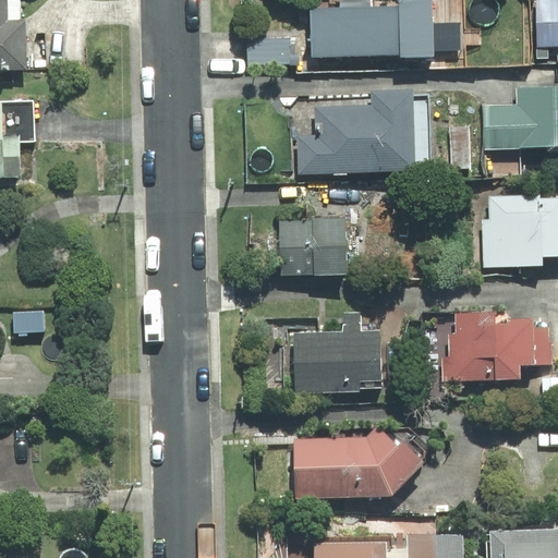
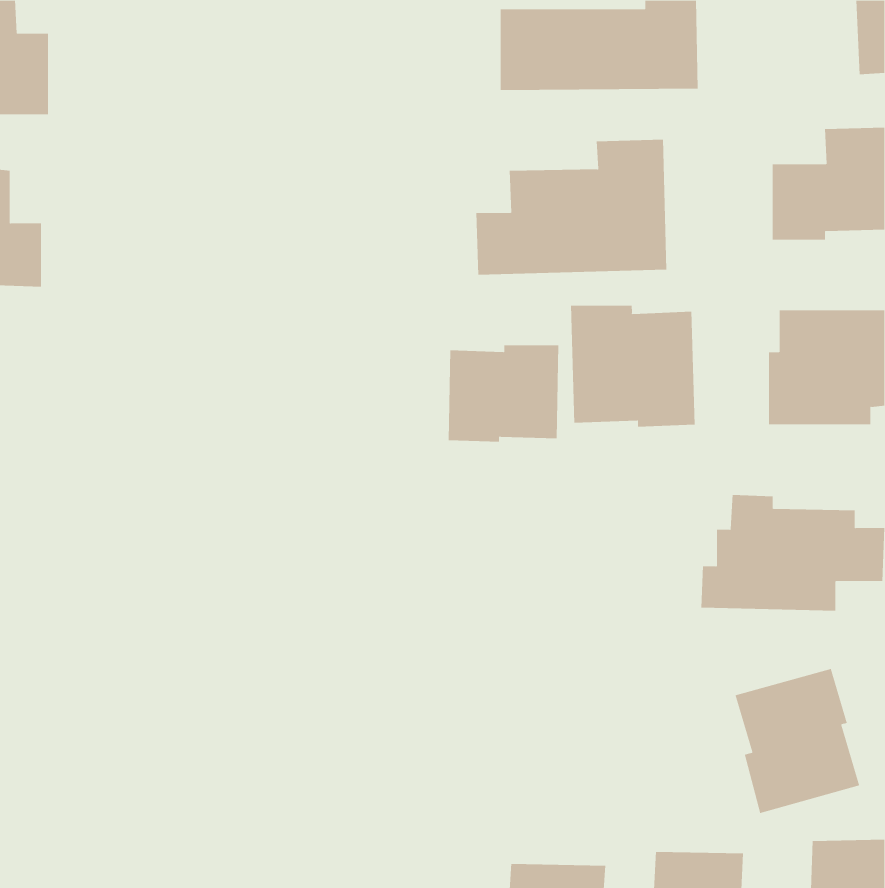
building: none -> [571,305,695,428]
building: [292,312,385,393] -> none
building: [294,409,438,495] -> none
building: none -> [735,668,860,814]

